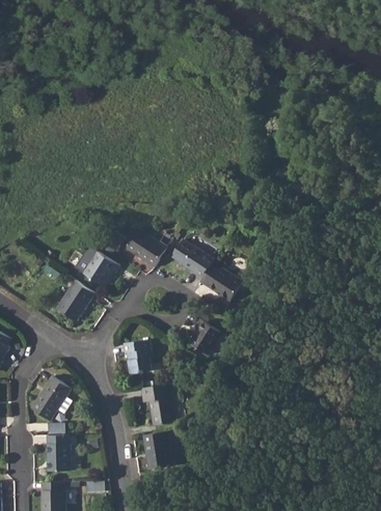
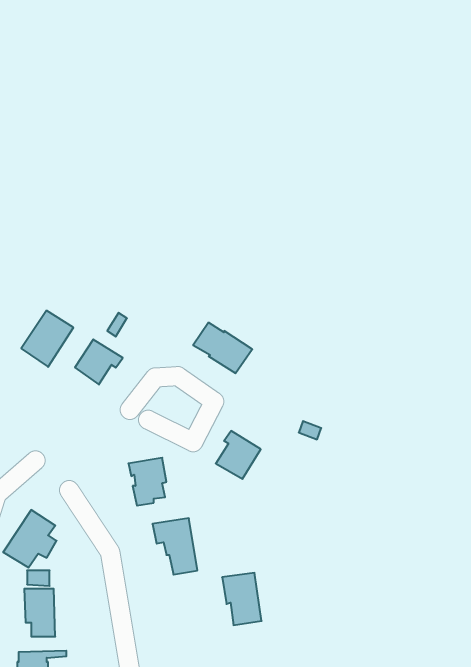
building: [126,229,167,267] -> none
building: [200,260,242,302] -> none
building: [56,281,94,322] -> [21,311,73,367]
building: [142,432,171,471] -> [222,573,262,625]

